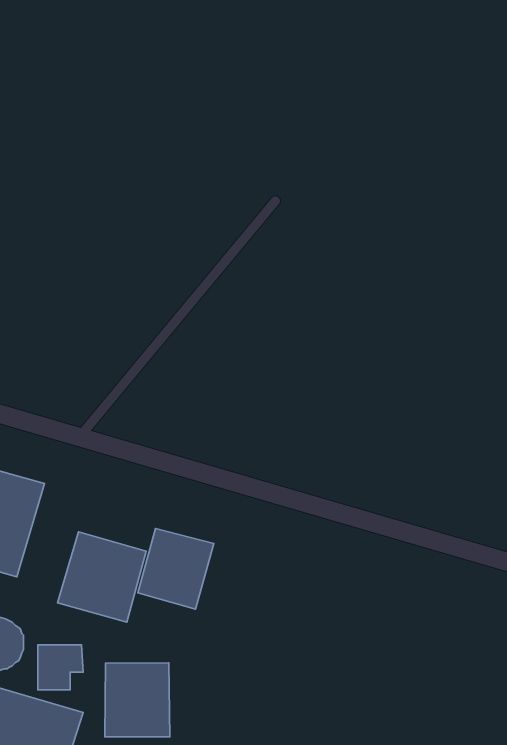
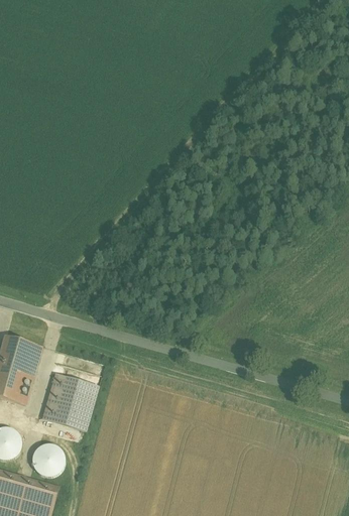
building: [138,528,214,609] -> none
building: [105,663,170,737] -> none

